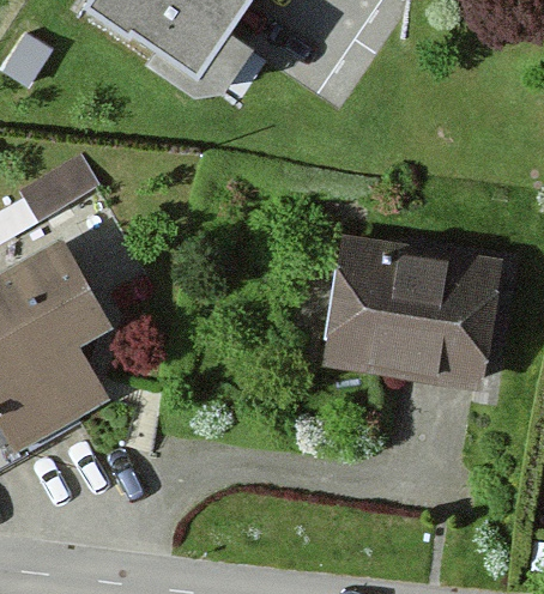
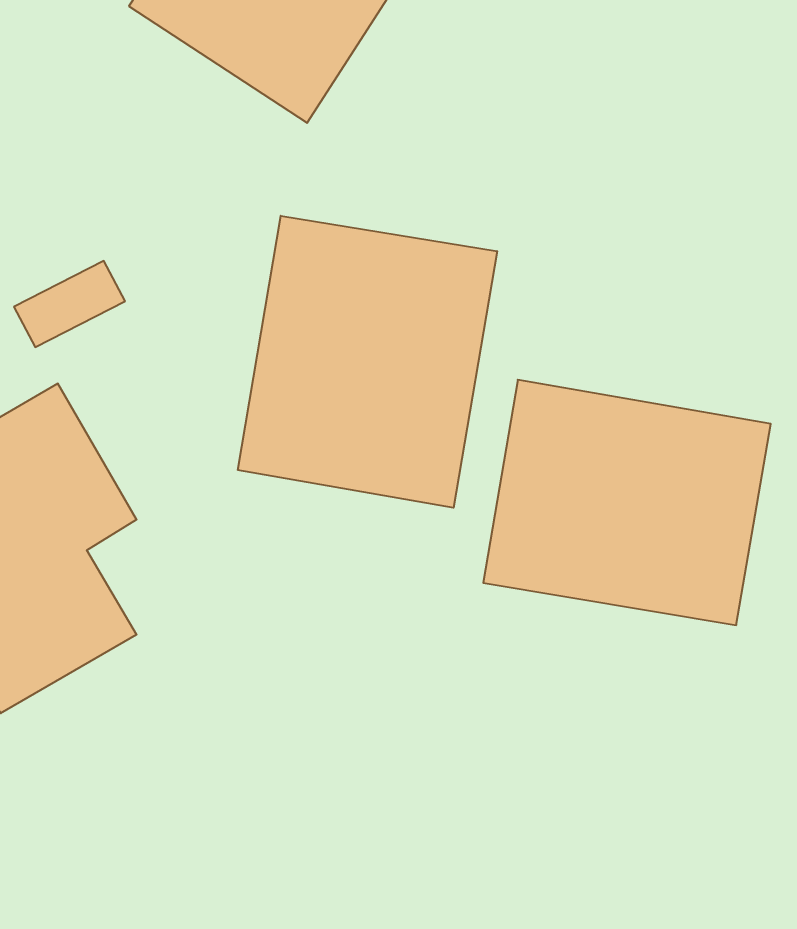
building: none -> [238,216,497,508]

